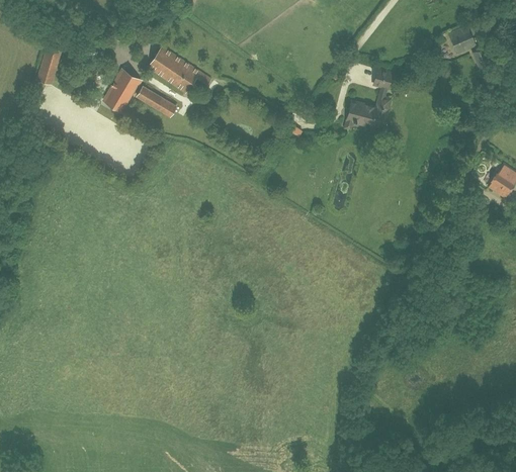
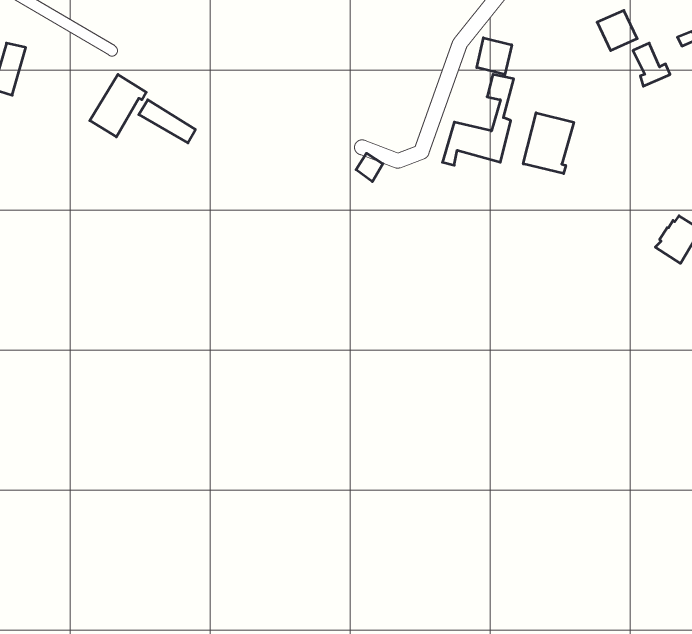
building: none -> [477,38,512,75]
building: [148,46,210,92] -> none
building: none -> [523,113,574,174]

